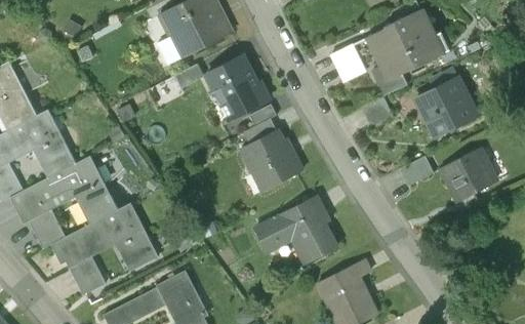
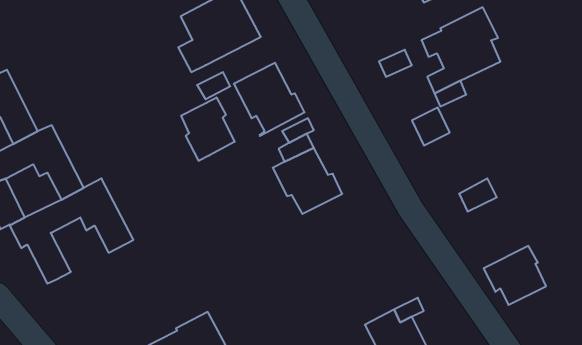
building: [419,76,473,137] -> none
building: none -> [181,97,235,161]
building: [442,149,496,200] -> [484,246,546,305]
building: [254,197,337,264] -> none
building: [51,204,158,291] -> none

